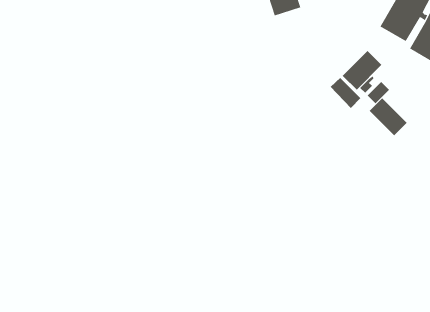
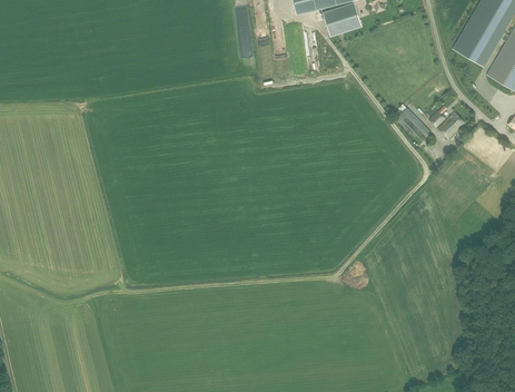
building: [342,50,382,90] -> none
building: [369,98,407,136] -> none

